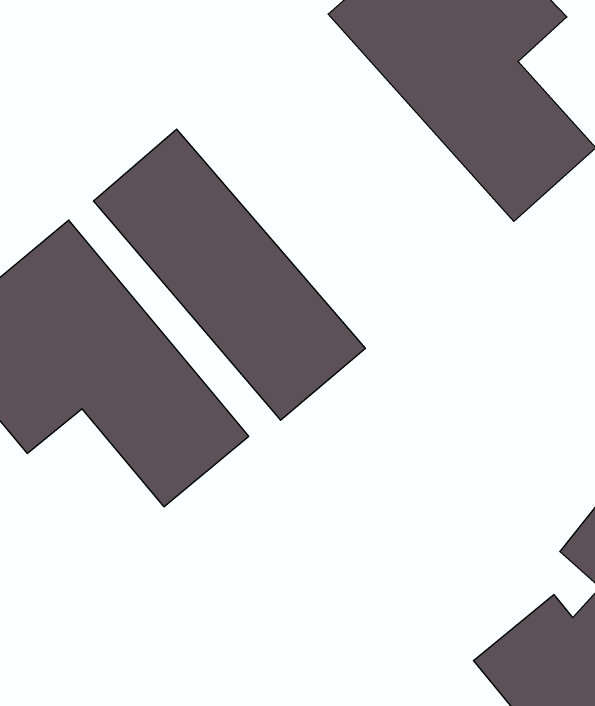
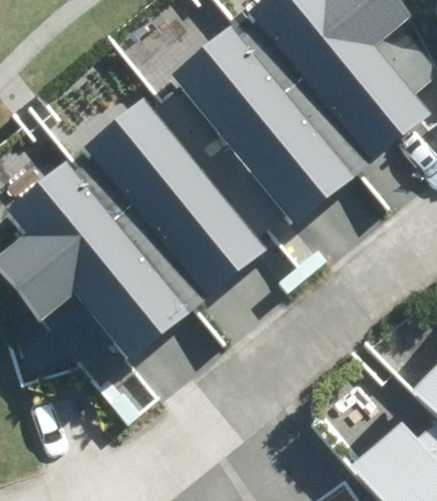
building: none -> [172,26,360,226]

